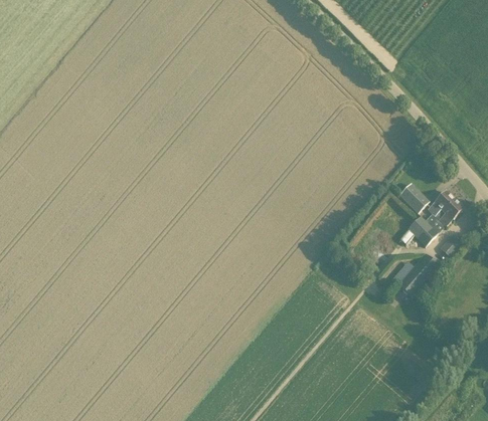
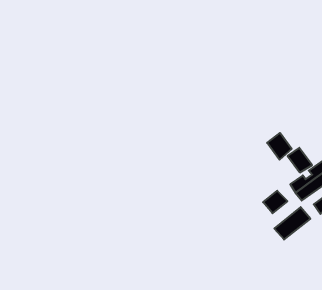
building: none -> [267,133,292,160]
building: none -> [263,191,287,213]

